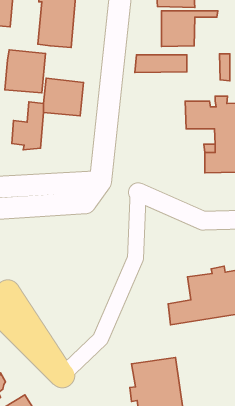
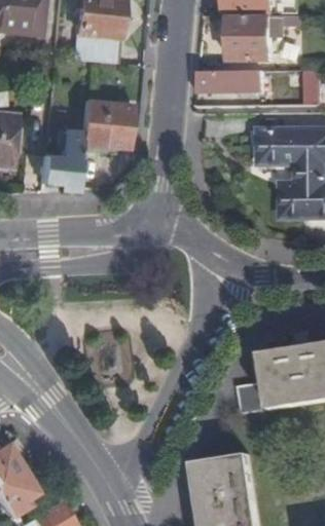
building: [5,50,46,93] -> none

